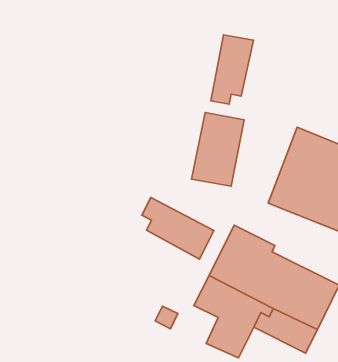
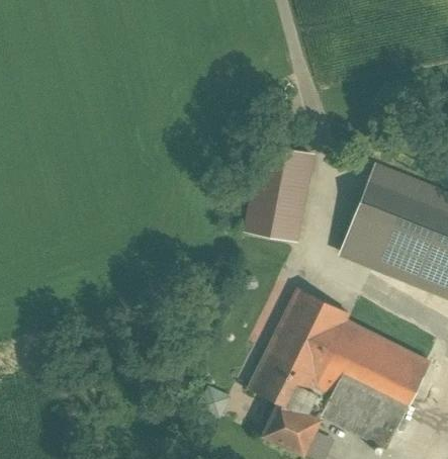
building: [211,35,253,104] -> none
building: [142,198,214,259] -> none

